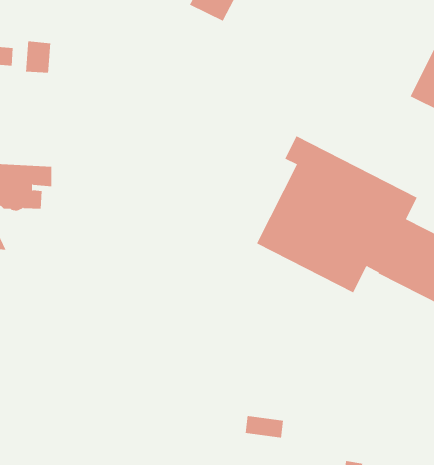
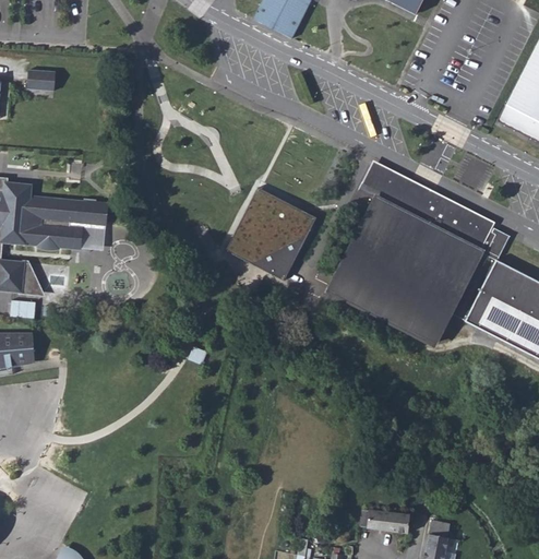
building: [25,41,51,73] -> none
building: none -> [226,188,316,281]
building: [245,416,284,438] -> [367,506,410,531]

